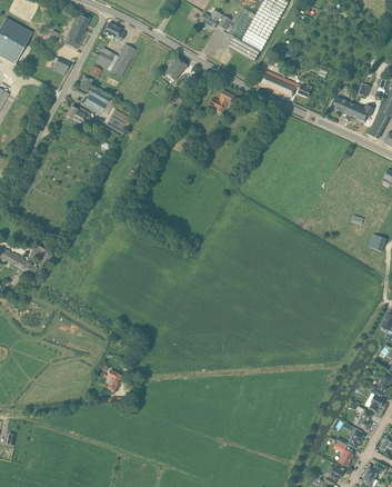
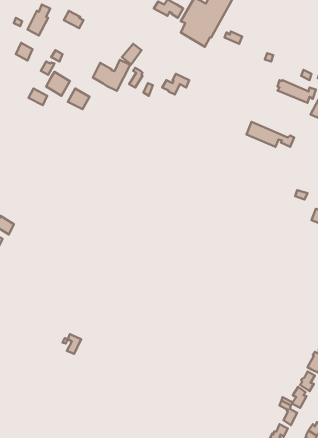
building: [96,43,135,77] -> [93,60,130,91]
building: [261,70,312,97] -> [246,122,294,147]

